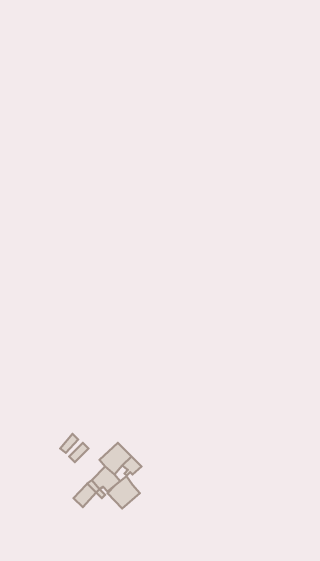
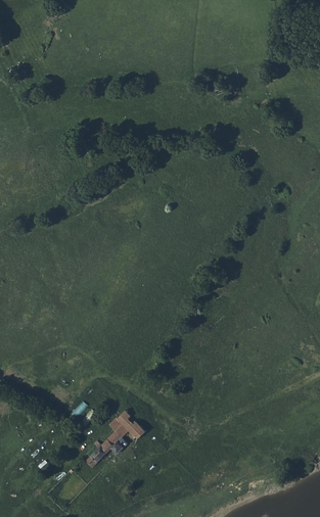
building: [107,476,140,509] -> none

